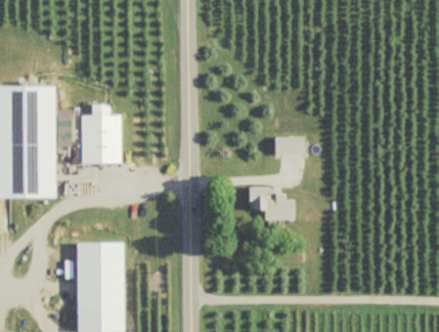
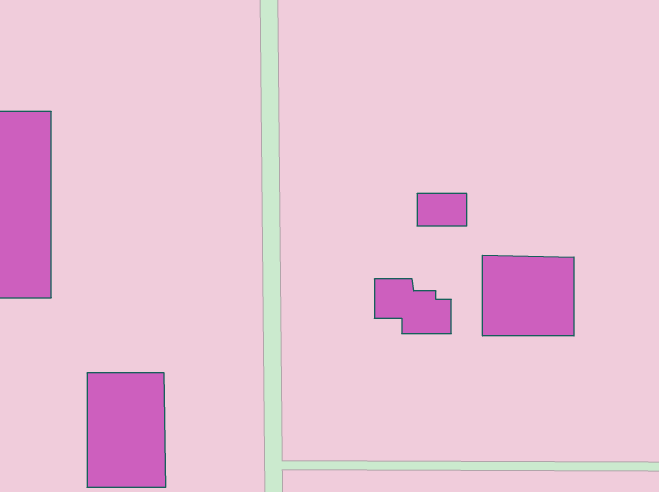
building: [82,106,121,164] -> none
building: none -> [483,255,574,336]

